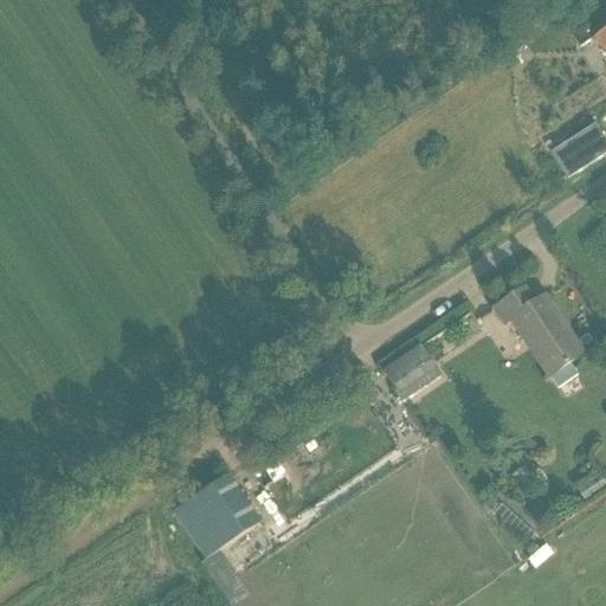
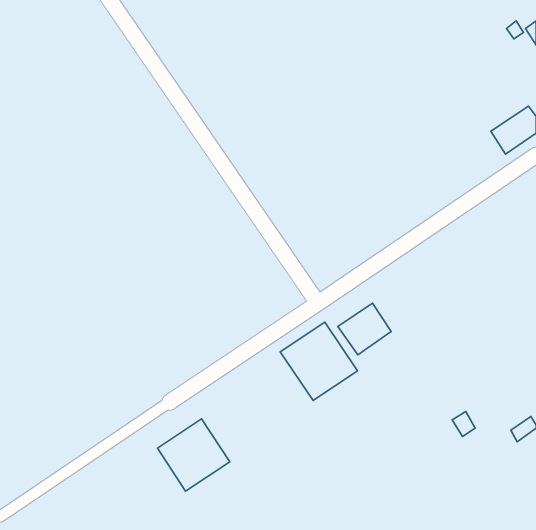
building: [492,283,579,383] -> none
building: none -> [280,322,358,401]

